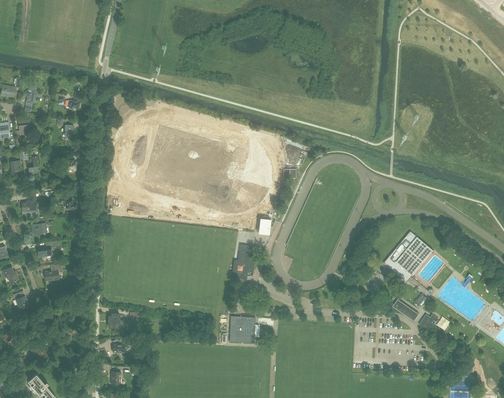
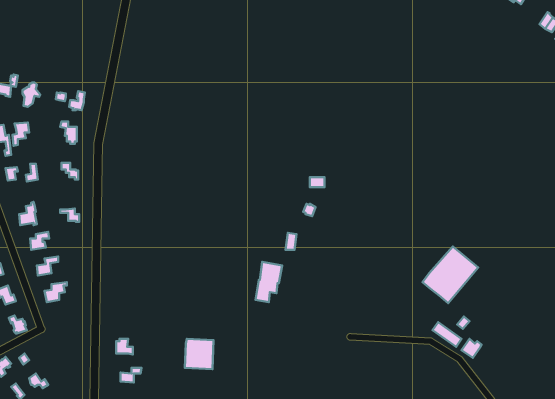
building: [228,316,254,343] -> [185,339,214,369]

